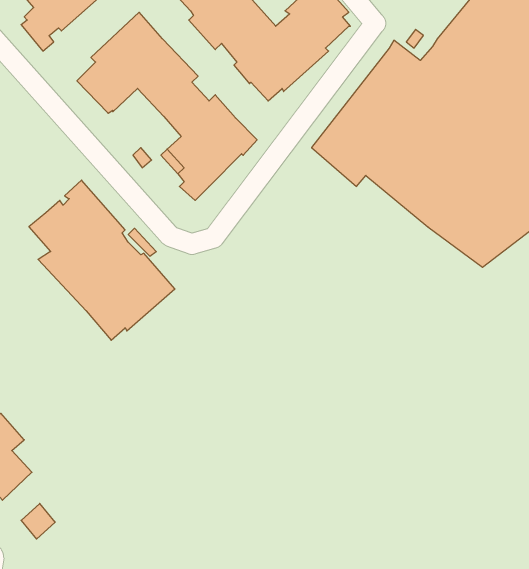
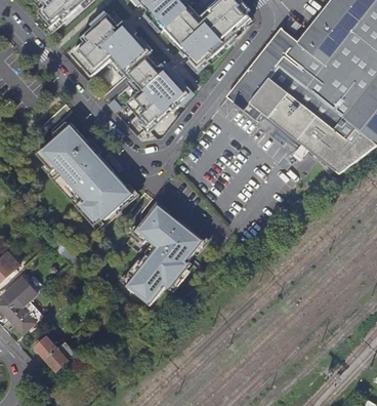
building: none -> [118,203,204,302]
building: none -> [44,339,75,369]

